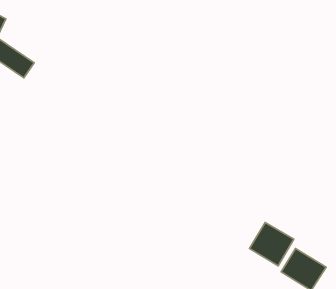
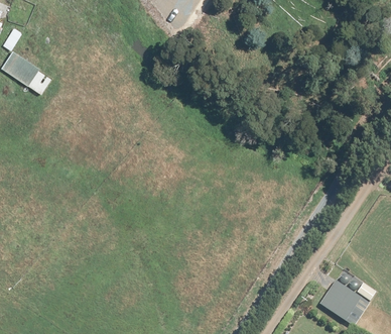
building: [249,222,294,266] -> none

